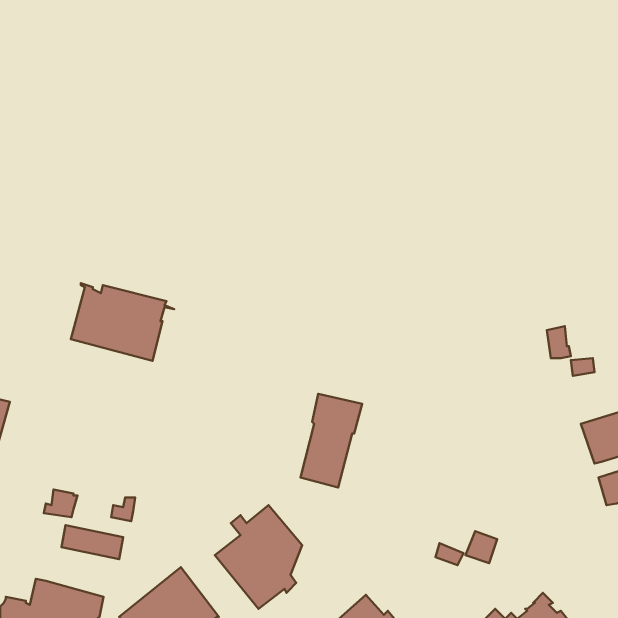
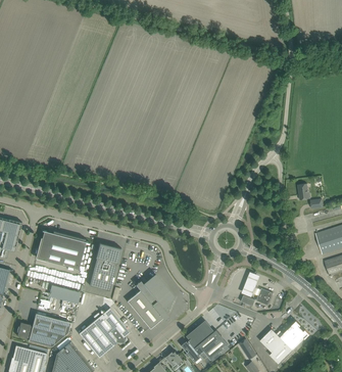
building: [71,283,174,361] -> [36,230,89,270]
building: [300,394,362,487] -> [89,243,120,291]

